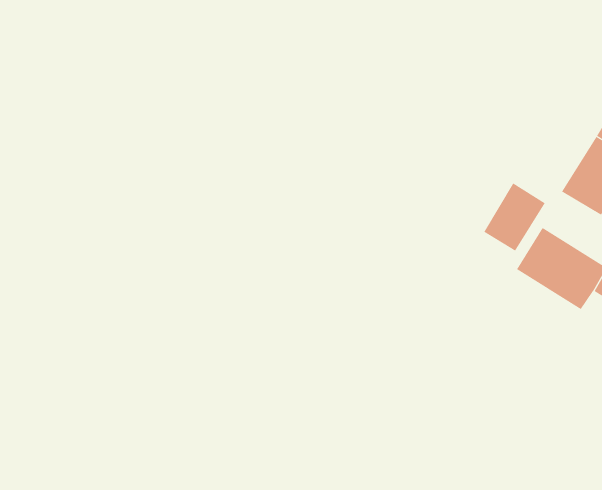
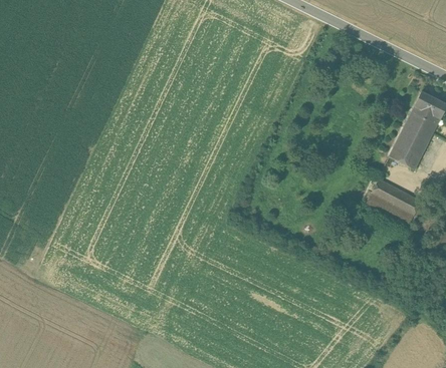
building: [483,183,546,251] -> none

